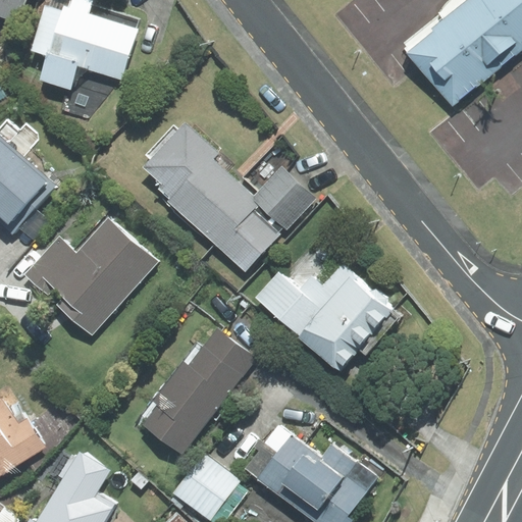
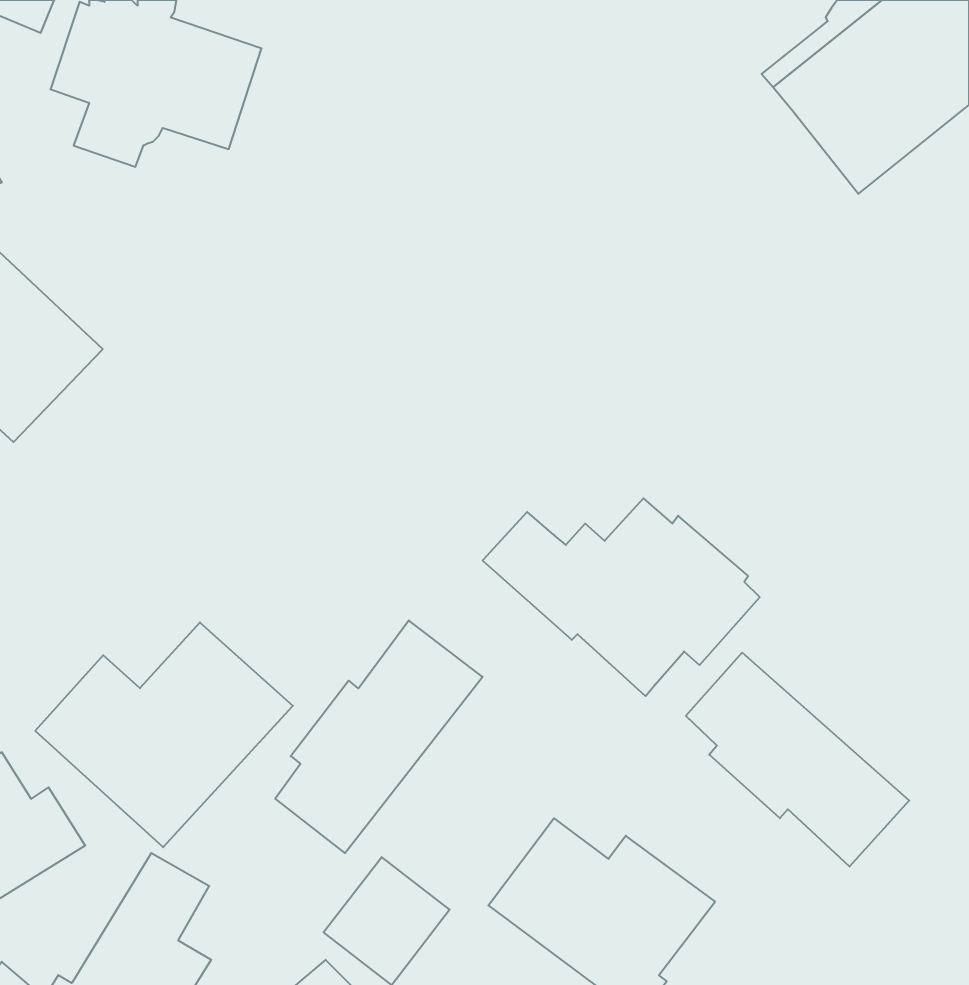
building: [144,121,314,272] -> none
building: [21,218,157,336] -> [35,622,293,847]
building: none -> [686,653,909,867]

